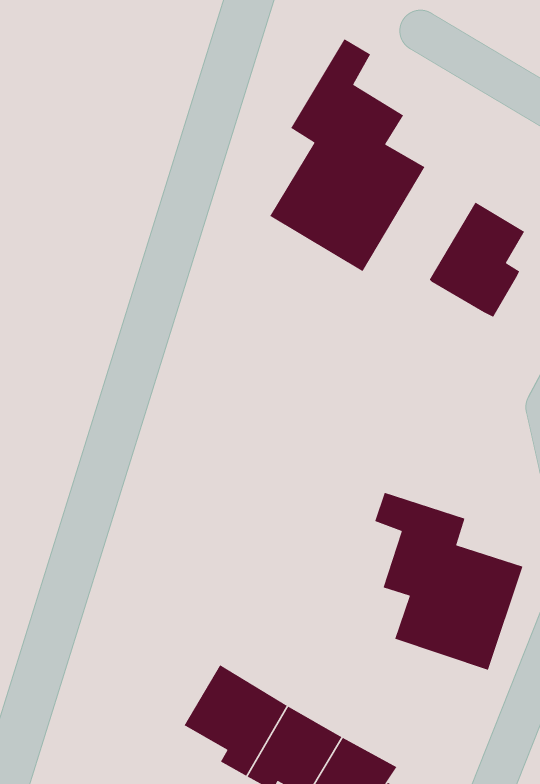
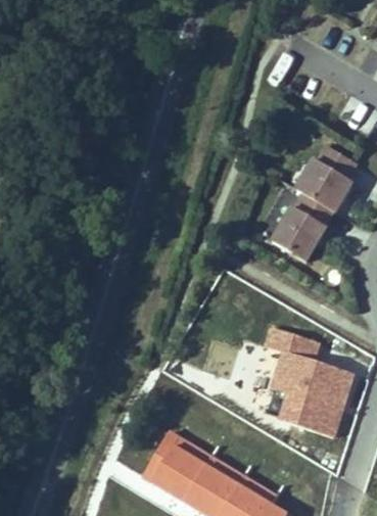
building: [269,38,425,272] -> none
building: none -> [271,197,331,268]

